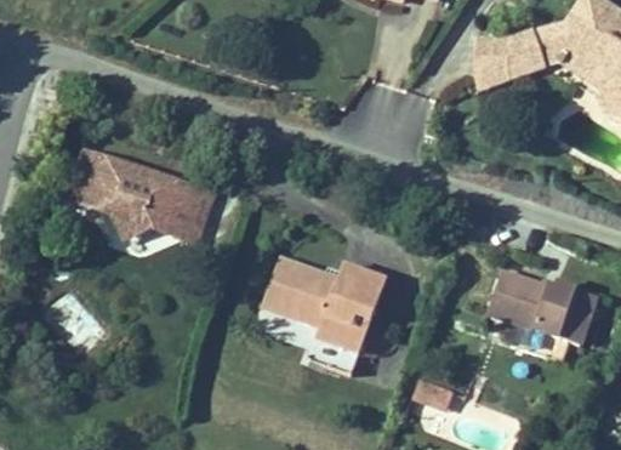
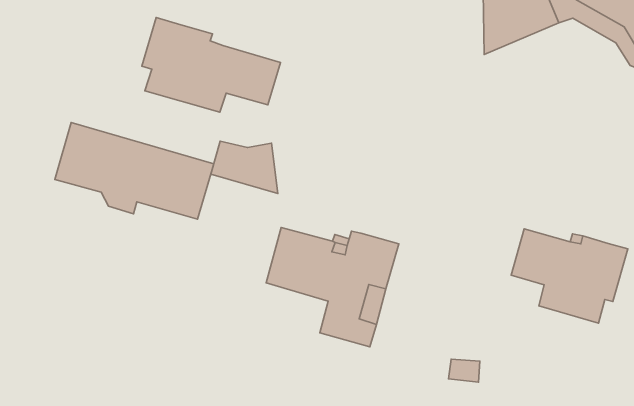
building: none -> [142,18,281,112]
building: none -> [211,141,278,193]

